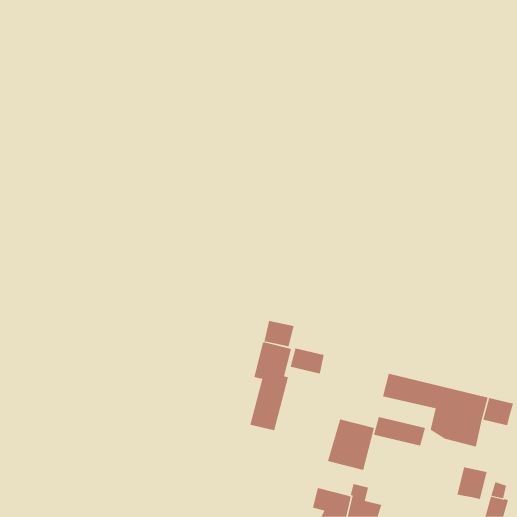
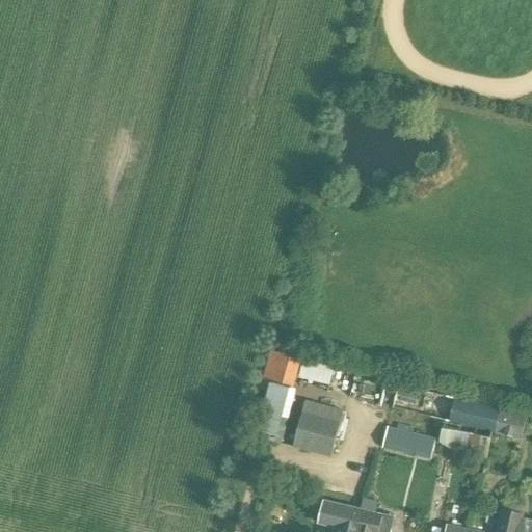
building: [264,320,294,347] -> none
building: [327,419,375,470] -> [293,402,342,455]
building: [457,467,487,500] -> none

